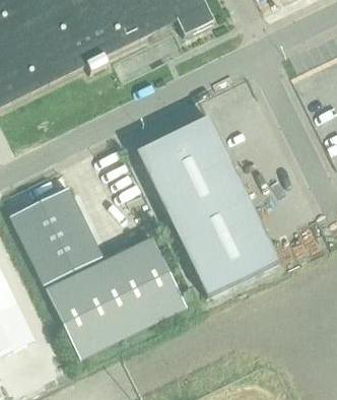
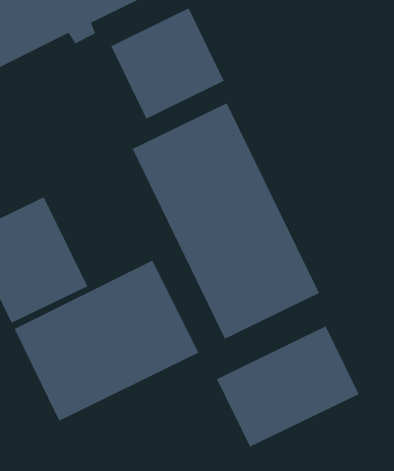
building: none -> [110,8,225,119]
building: none -> [216,326,360,448]

